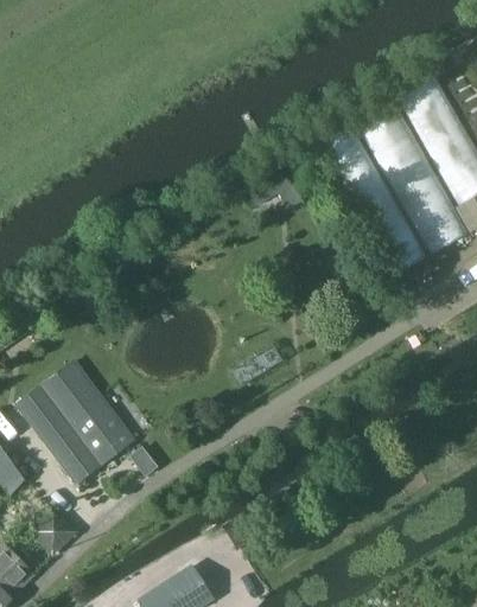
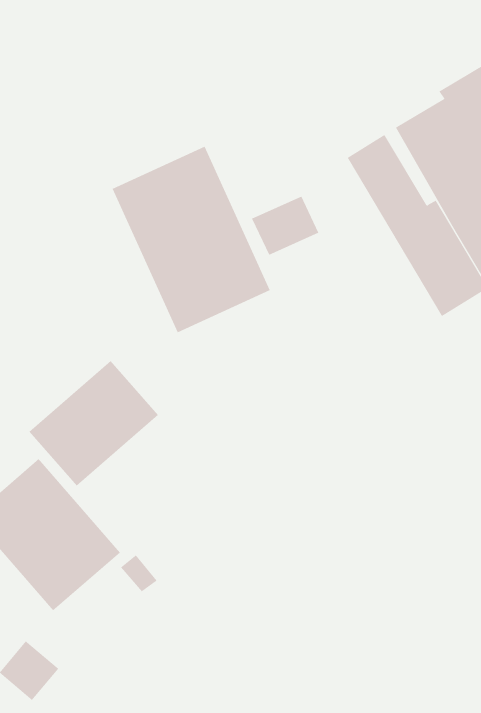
building: none -> [112,146,271,333]
building: none -> [29,360,159,487]

